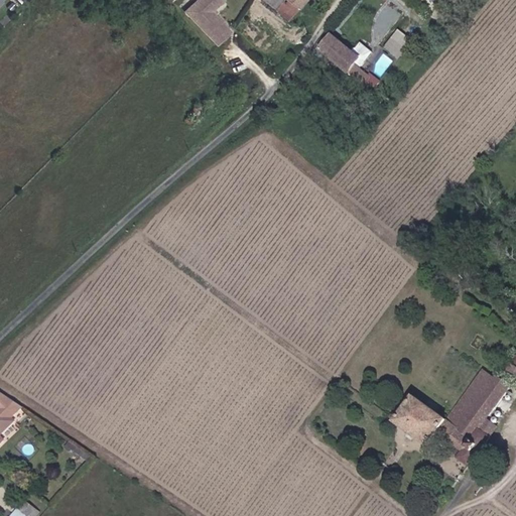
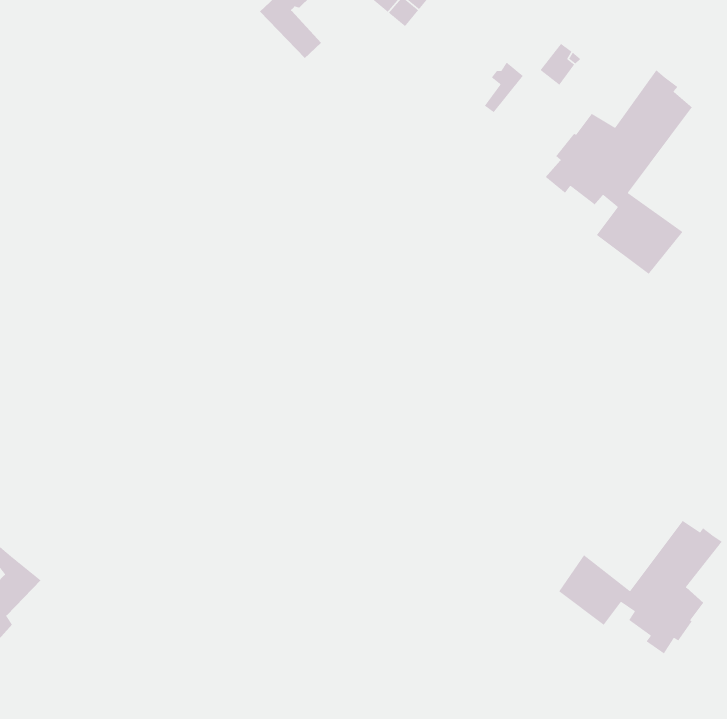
building: [312,38,352,75] -> none
building: none -> [545,69,693,275]

